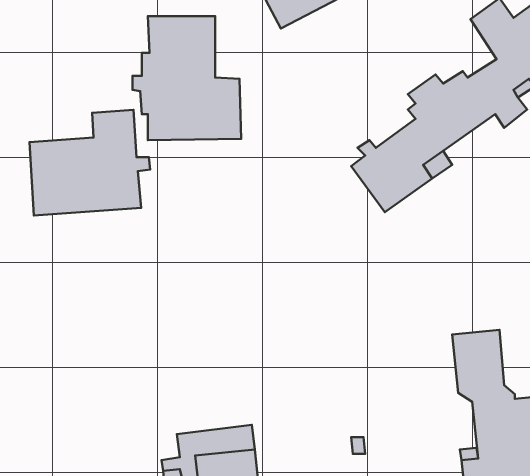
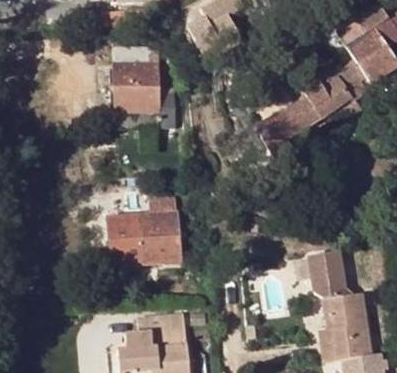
building: [29,110,150,215] -> [106,195,185,264]

